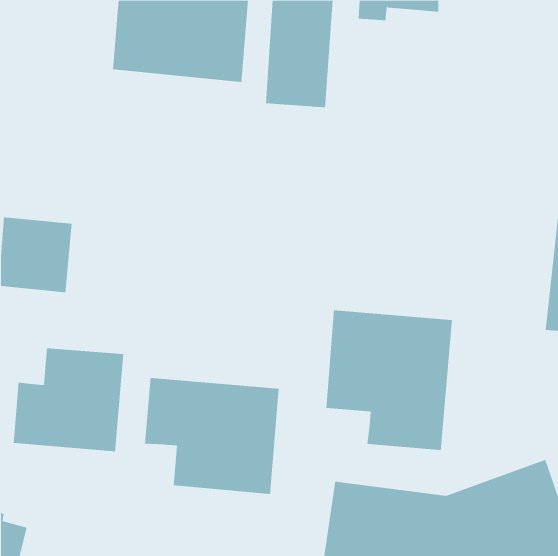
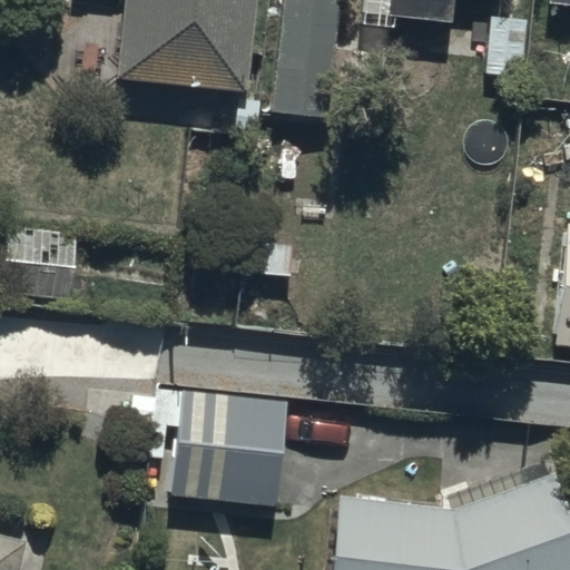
building: [326,309,452,451] -> none
building: [13,348,124,452] -> none

